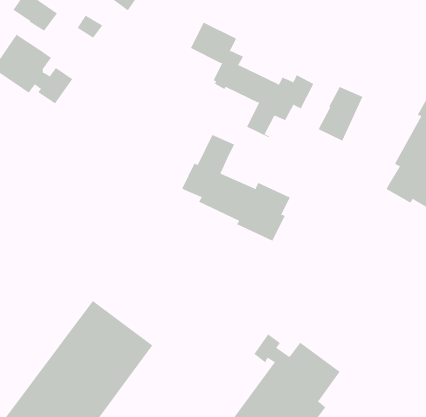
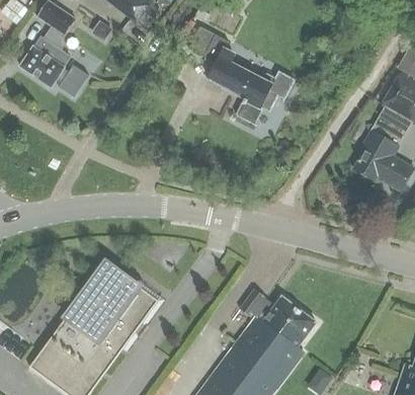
building: [318,86,363,141] -> none
building: [181,134,291,241] -> none

